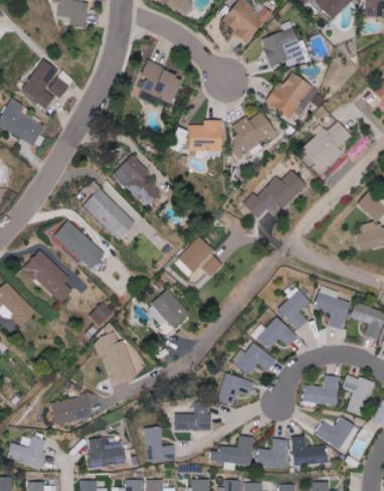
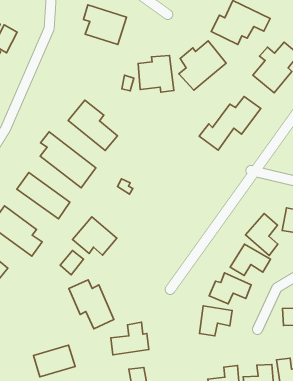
building: [173,236,222,278] -> none
building: [145,290,189,329] -> [72,217,117,255]
building: [175,401,211,431] -> [111,322,149,355]

